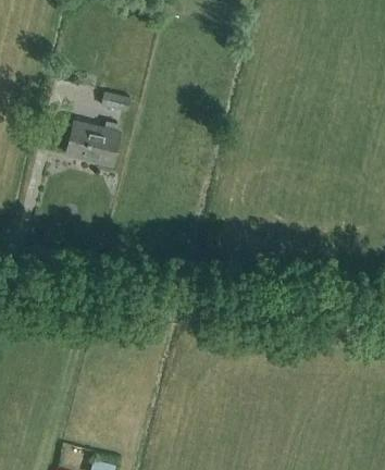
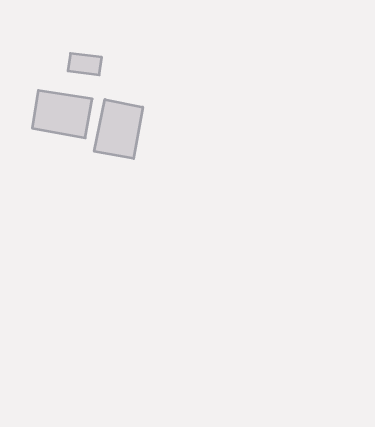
building: none -> [94,99,143,159]

